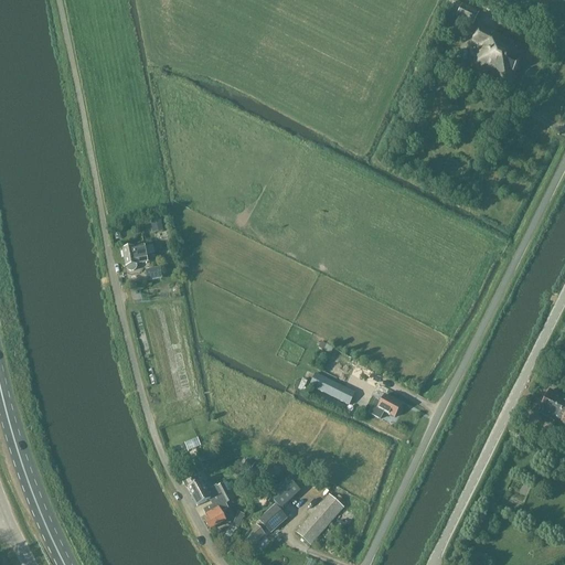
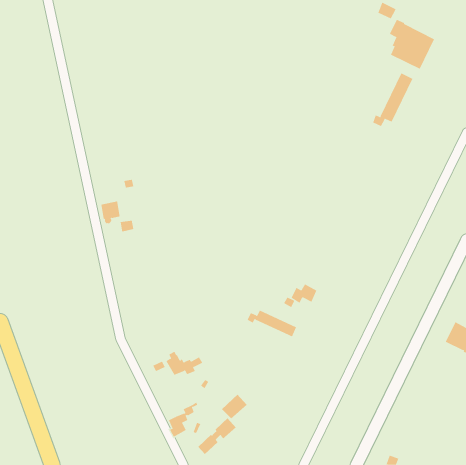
building: none -> [372,73,413,127]
building: [370,394,402,418] -> [291,283,317,303]
building: [188,475,233,504] -> [166,351,203,376]
building: [296,493,344,544] -> none

